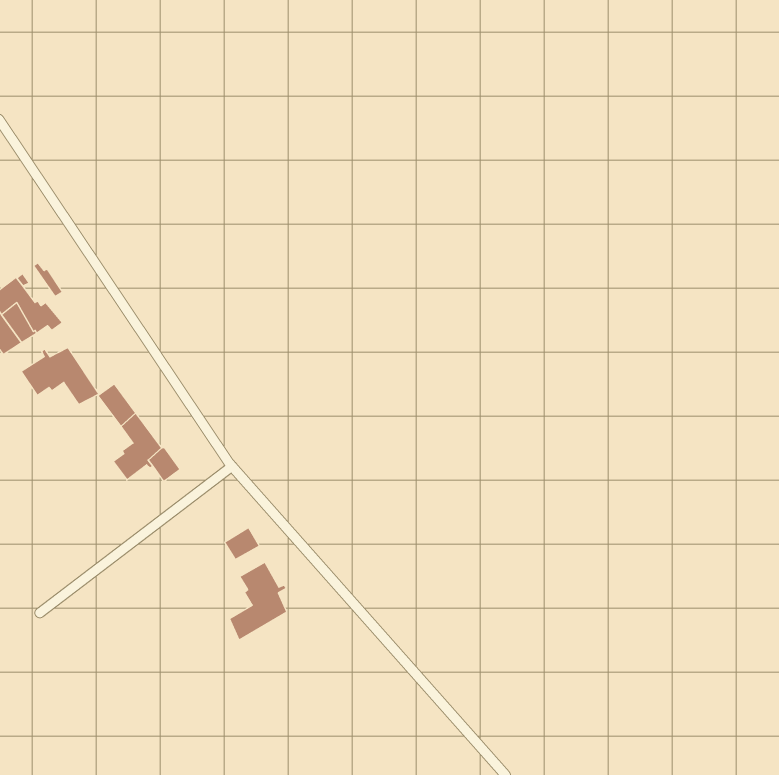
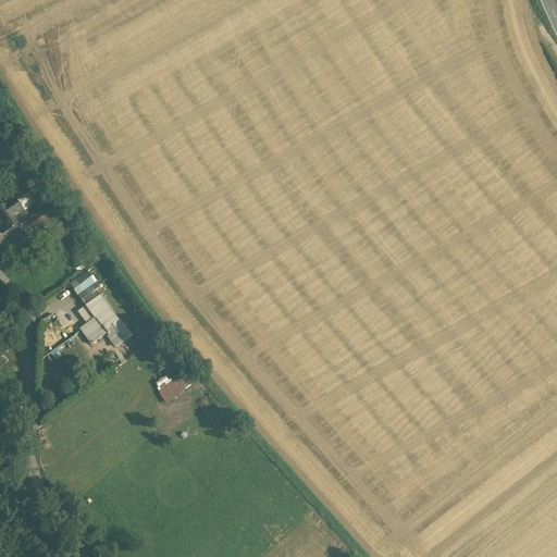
building: [21,348,99,405] -> none
building: [230,562,287,640] -> none

